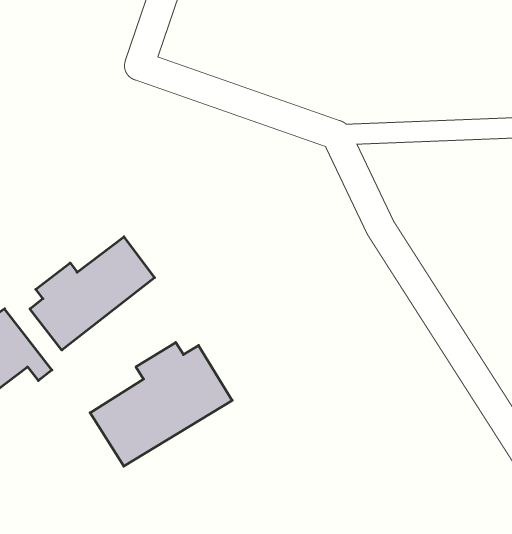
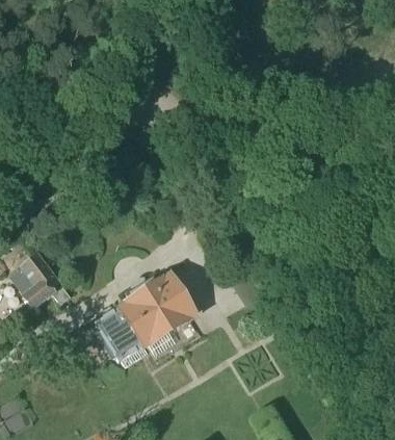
building: [30,237,155,350] -> none

